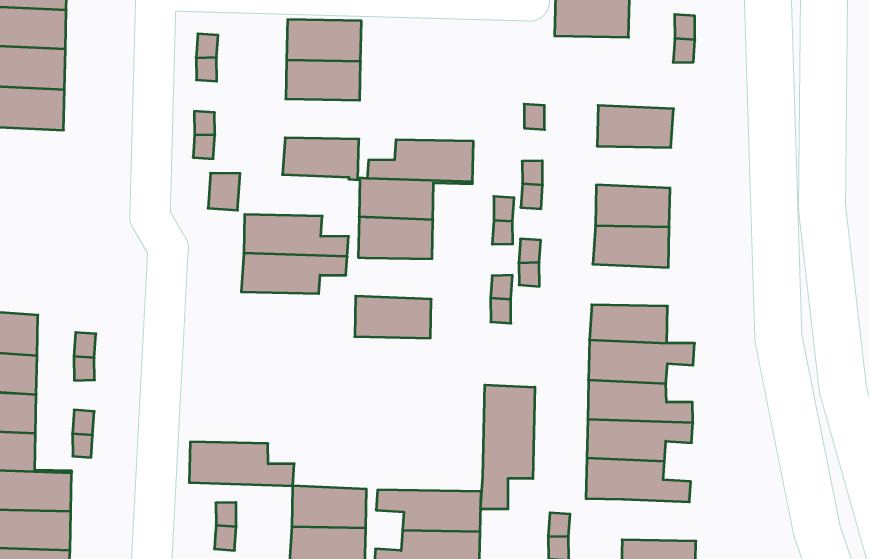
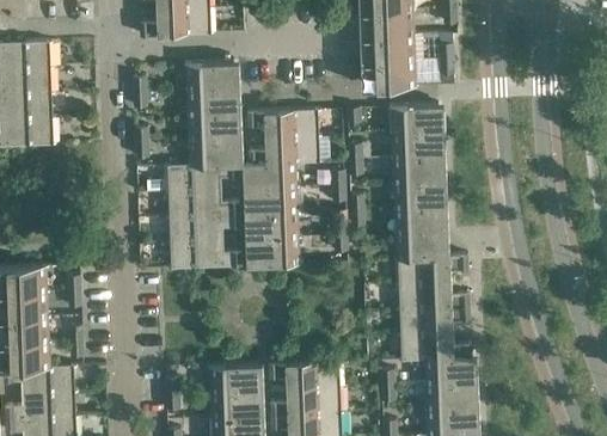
building: none -> [363,62,412,90]
building: none -> [192,115,241,142]
building: none -> [247,111,315,139]
building: none -> [396,131,444,159]
building: none -> [170,165,238,194]
building: none -> [246,214,295,241]
building: none -> [398,209,447,237]
building: [481,385,535,509] -> none
building: [189,442,294,486] -> [172,241,240,270]
building: none -> [428,358,477,387]

